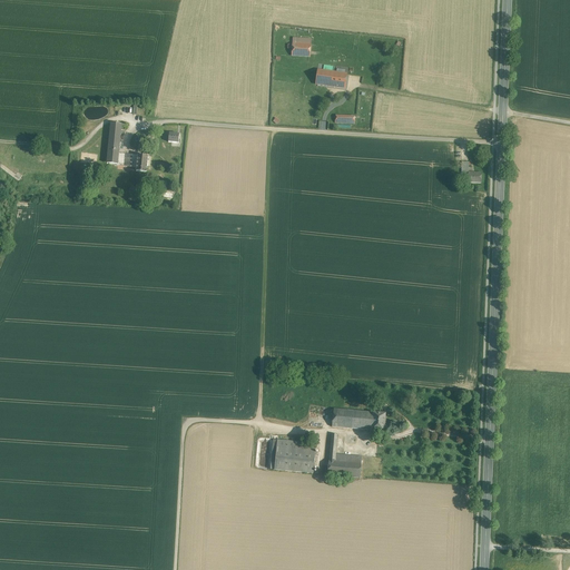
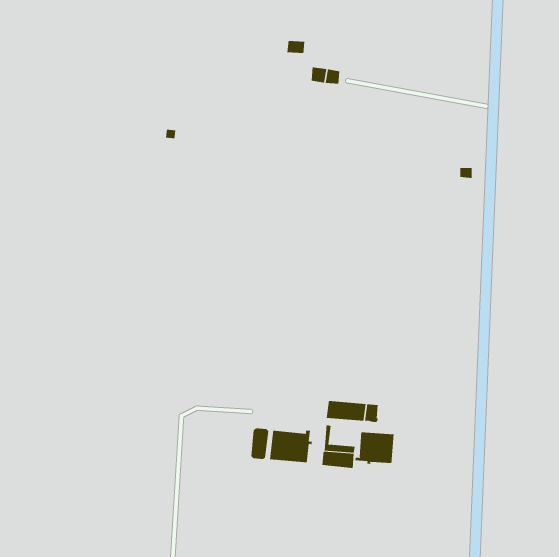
building: [107,121,148,170] -> none
building: none -> [355,432,394,464]

